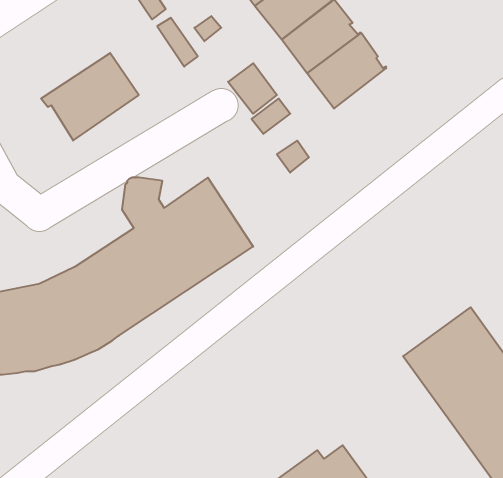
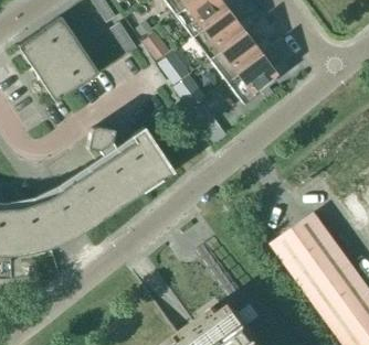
building: none -> [18,17,80,75]
building: none -> [226,55,277,105]

